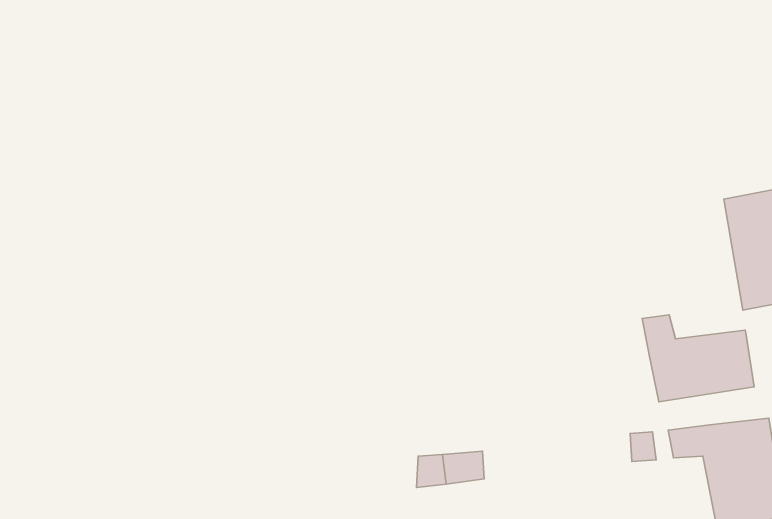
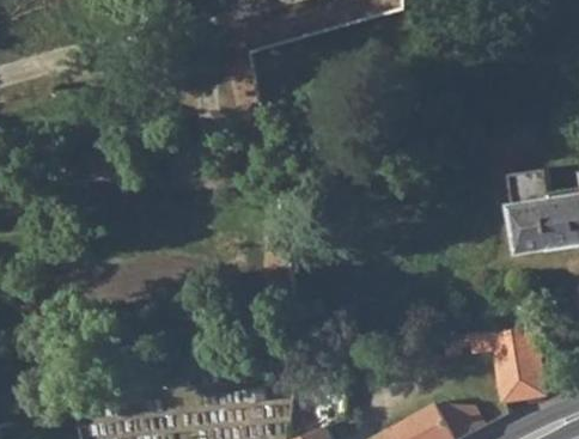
building: [642,315,754,402] -> none

